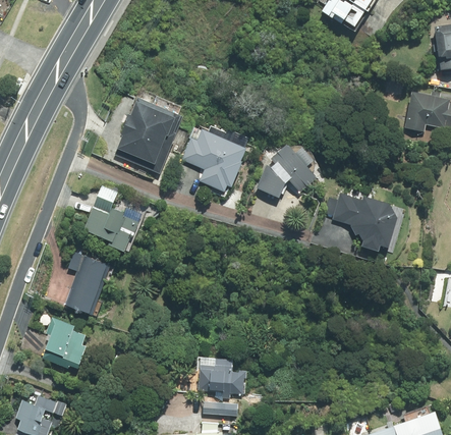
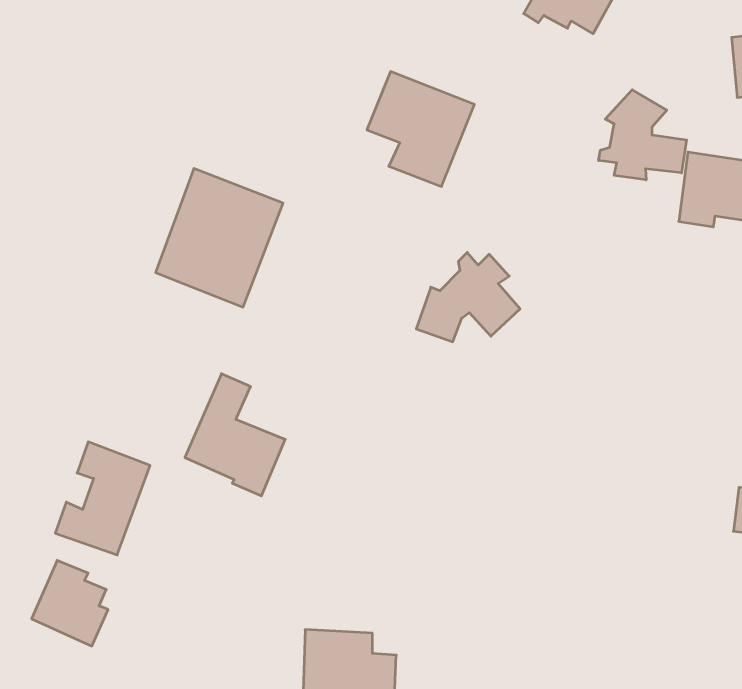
building: none -> [599,90,687,180]
building: [186,129,246,194] -> [367,72,474,186]
building: [82,182,138,251] -> [185,374,285,496]
building: [329,193,397,253] -> none

